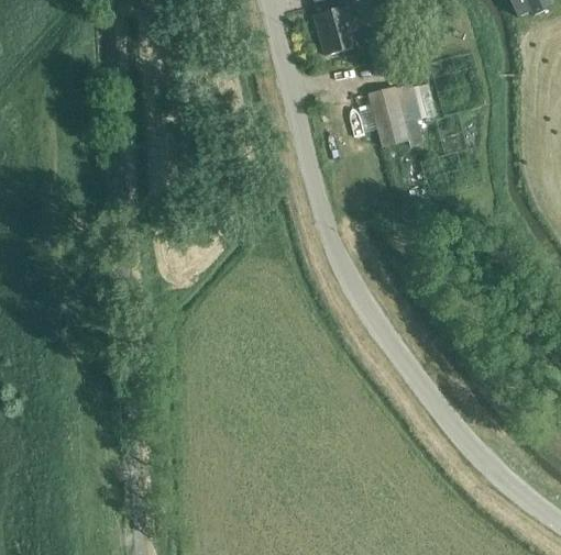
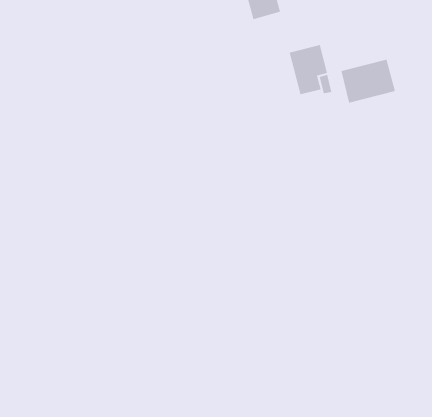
building: none -> [341,59,395,104]

